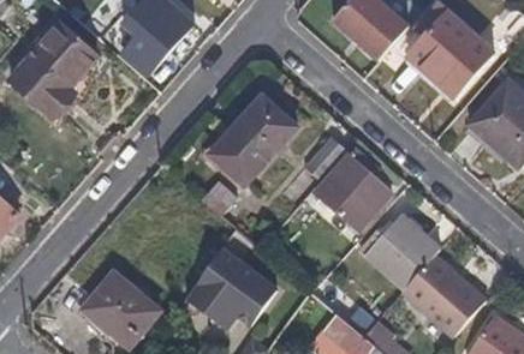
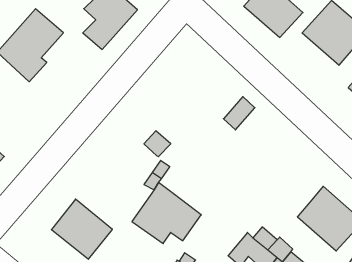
building: [209,95,298,186] -> none
building: [314,149,393,230] -> none
building: [361,215,440,288] -> none

